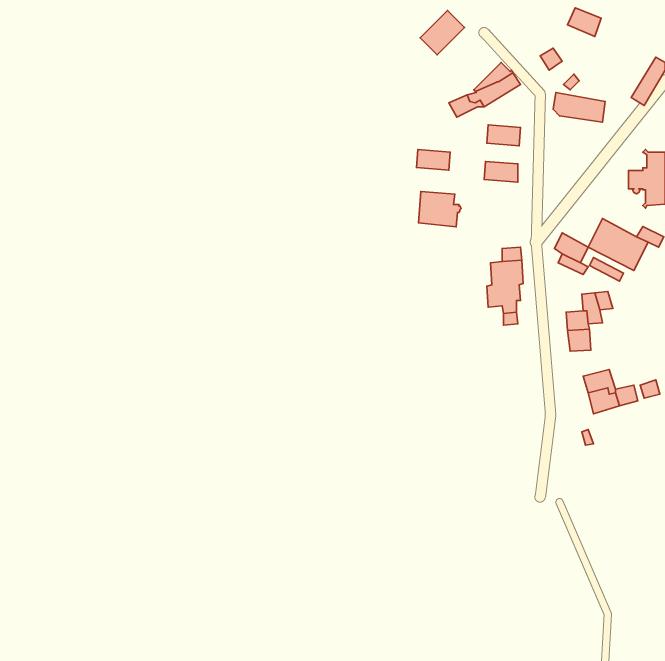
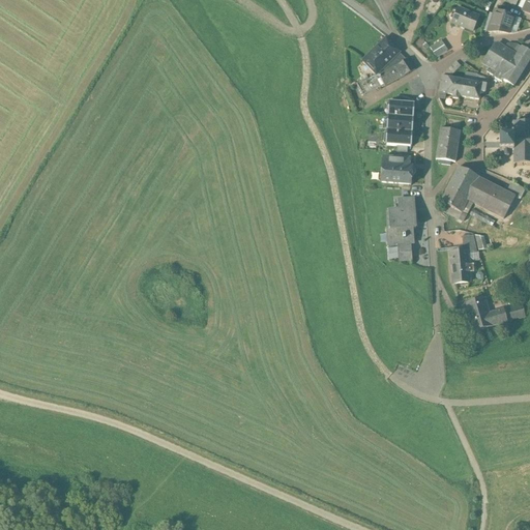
building: none -> [489,7,514,29]
building: [420,10,464,55] -> [363,36,399,71]
building: none -> [482,41,522,80]
building: [416,149,450,170] -> [386,114,413,130]
building: none -> [436,125,460,159]
building: [418,192,461,227] -> [381,155,415,183]
building: none -> [447,164,479,197]

